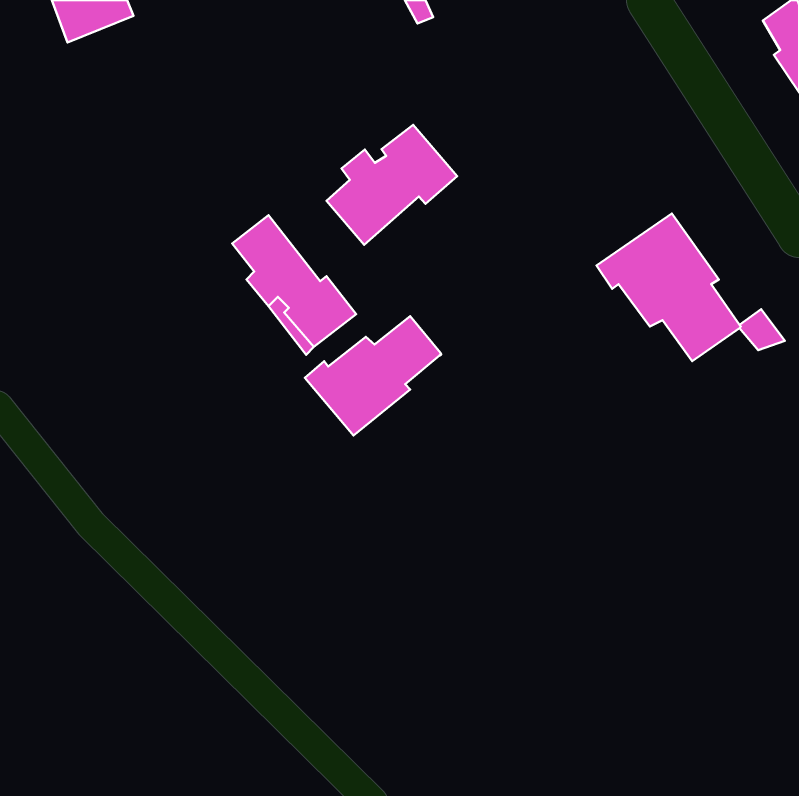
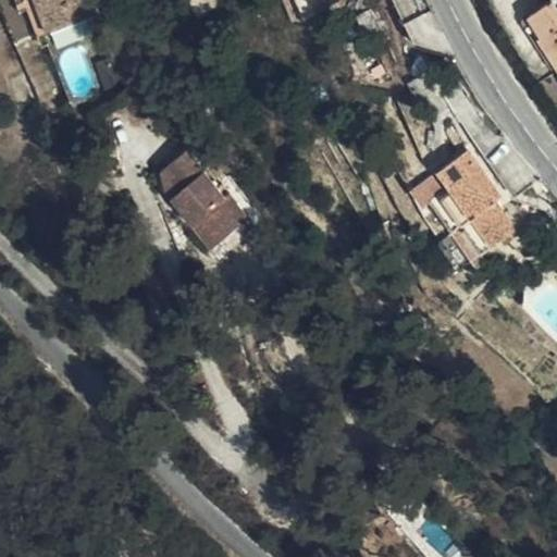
building: [327,125,457,245] -> none
building: [305,316,441,436] -> none

